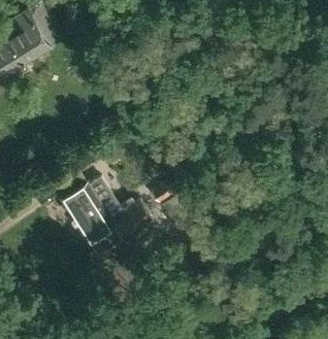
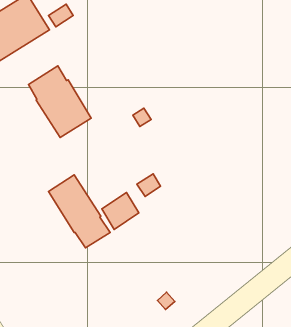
building: none -> [28,66,91,137]

